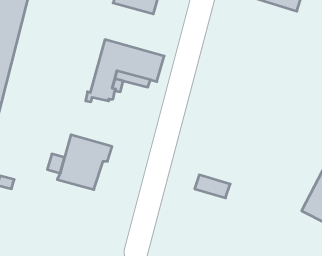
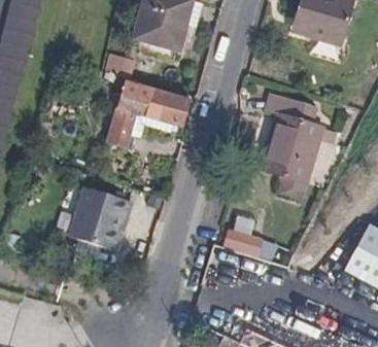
building: none -> [260,95,322,200]

